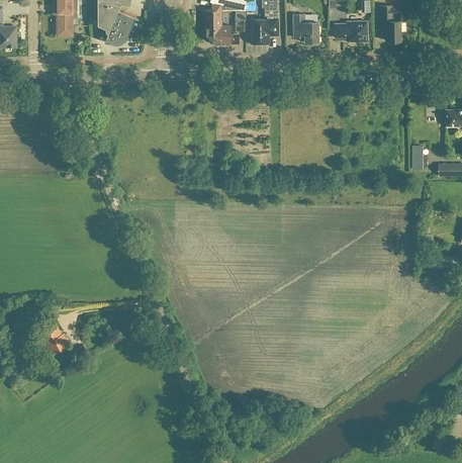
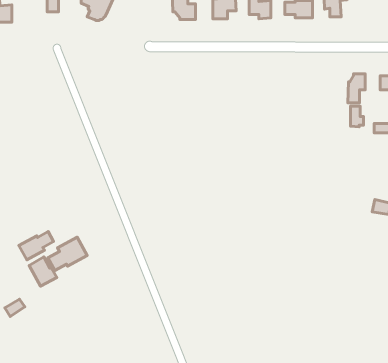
building: none -> [348,74,365,103]
building: none -> [19,232,54,260]
building: none -> [48,237,87,271]

